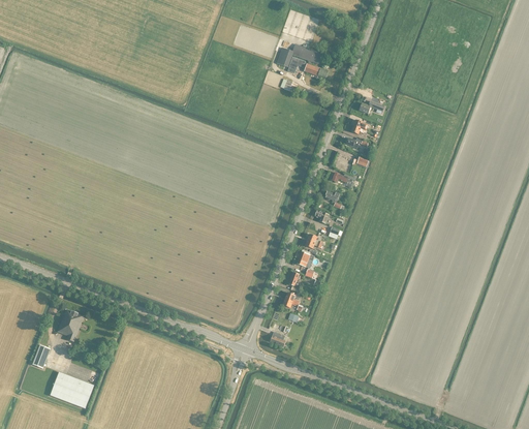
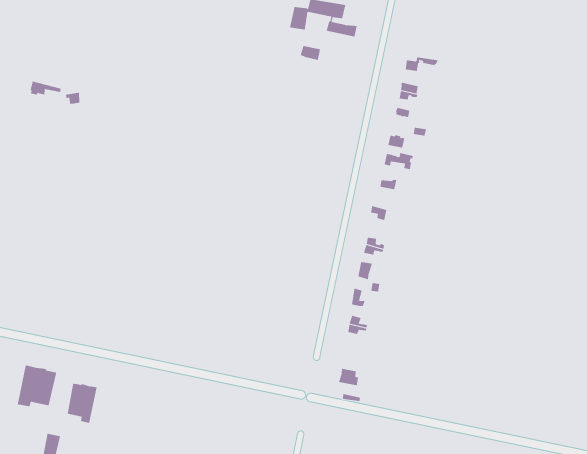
building: none -> [17,364,57,407]

